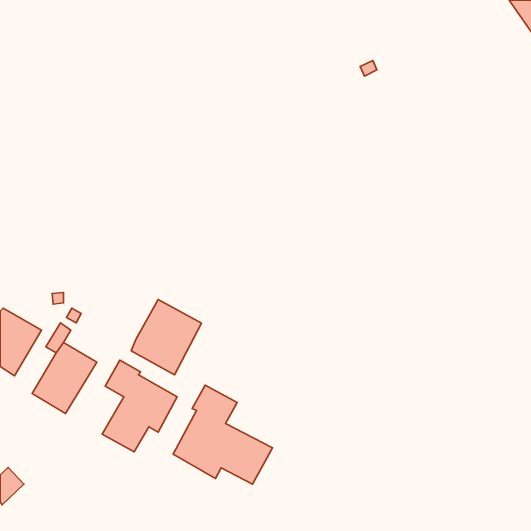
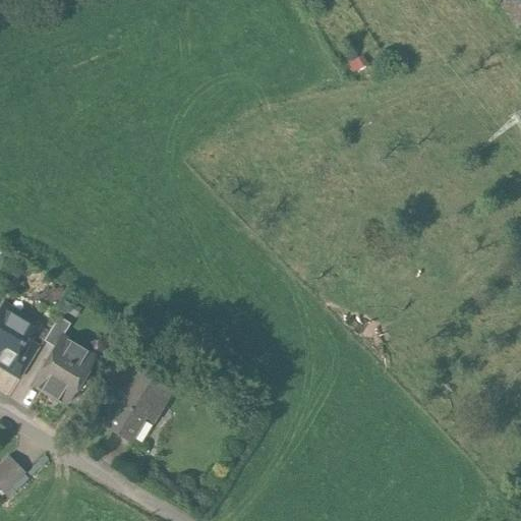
building: [131,299,202,375] -> none
building: [173,385,272,484] -> none

